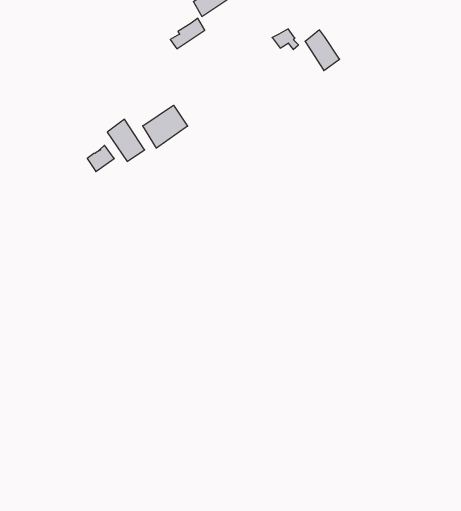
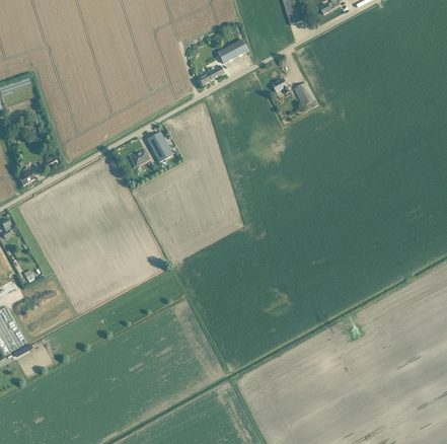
building: [143,105,188,148] -> none

